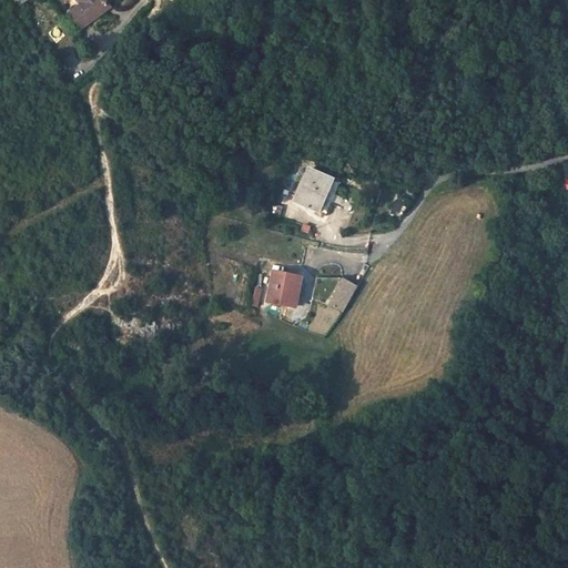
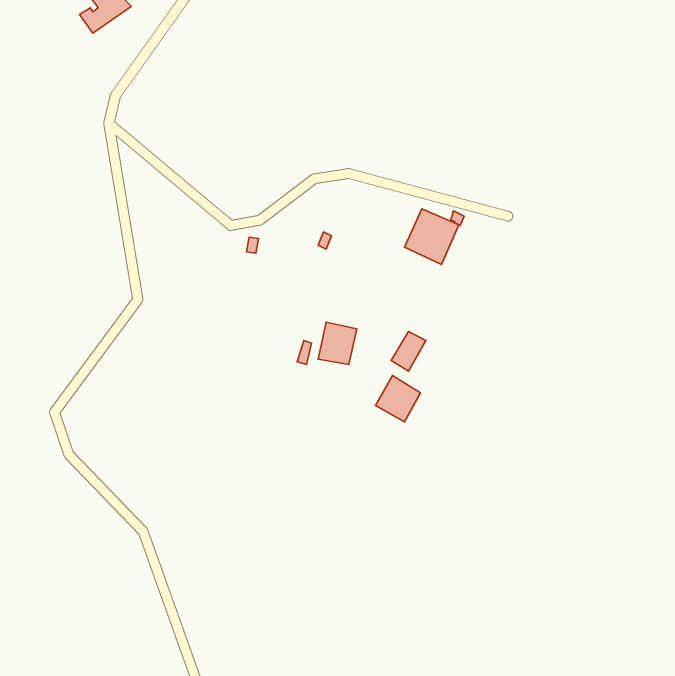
building: [294,168,339,214] -> [404,209,459,265]
building: none -> [376,376,421,422]

